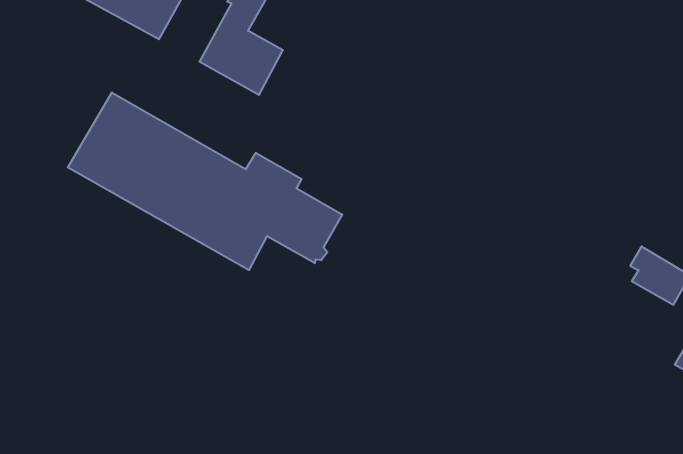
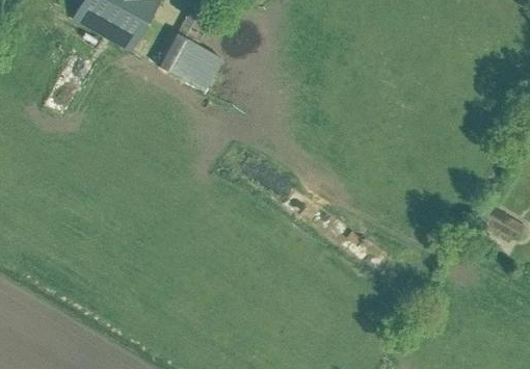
building: [68,92,342,270] -> none

